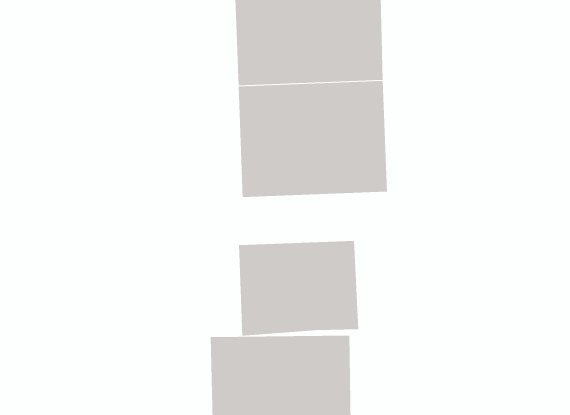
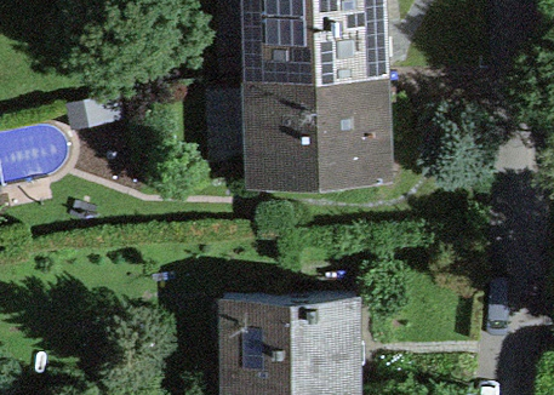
building: [238,240,359,336] -> none

